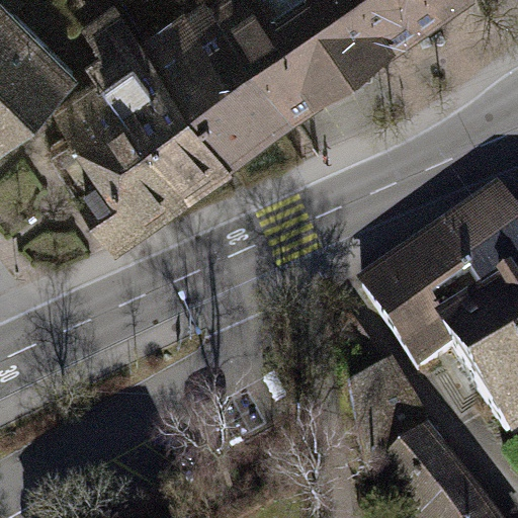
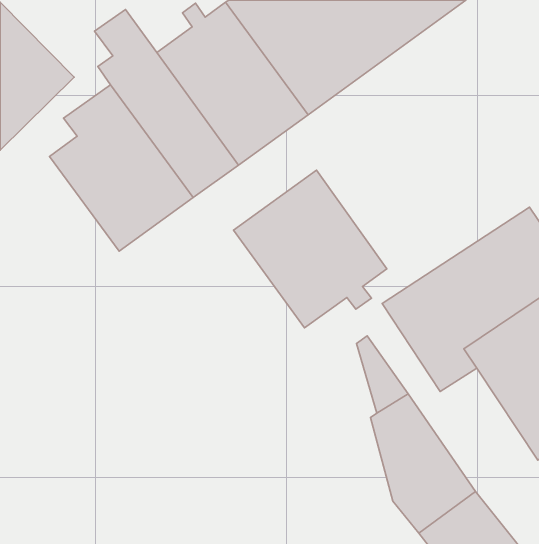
building: none -> [234,170,387,328]

